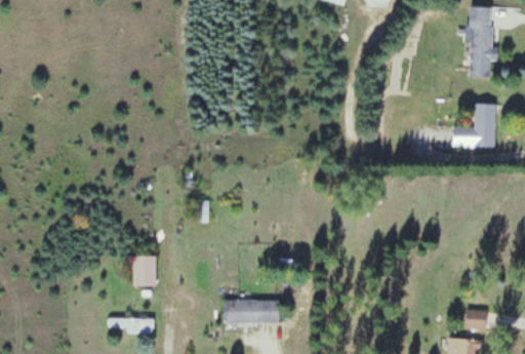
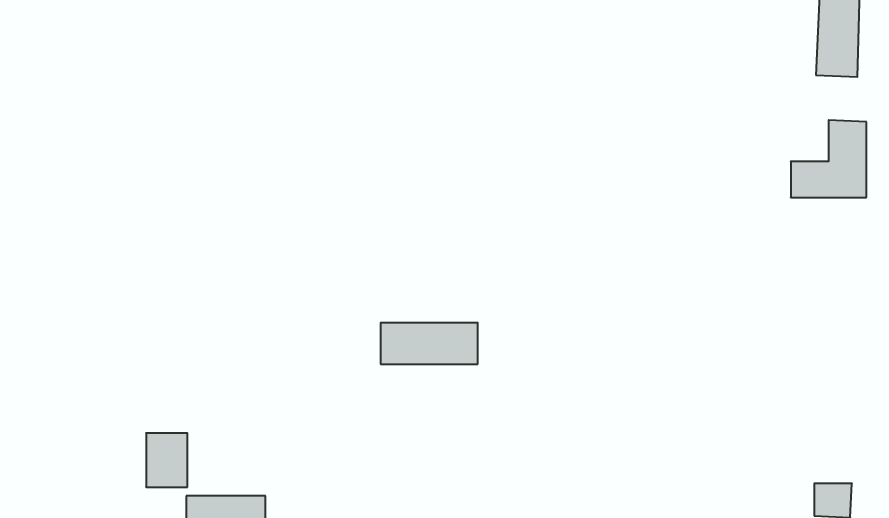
building: [132,257,156,287] -> [146,433,187,487]
building: [224,300,279,323] -> [381,323,478,364]

